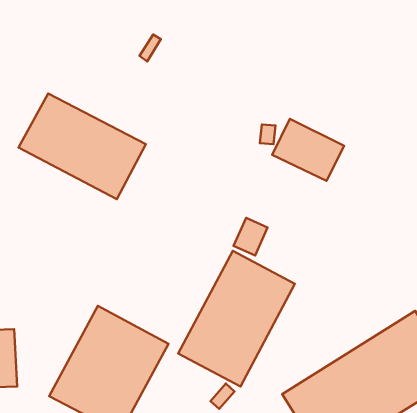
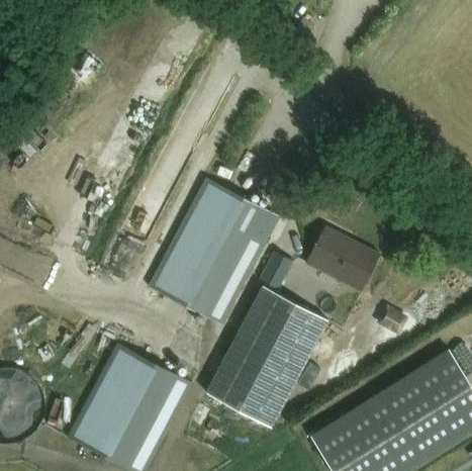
building: [18,93,146,199] -> none
building: [272,119,344,181] -> [305,227,380,292]
building: none -> [150,179,281,325]

